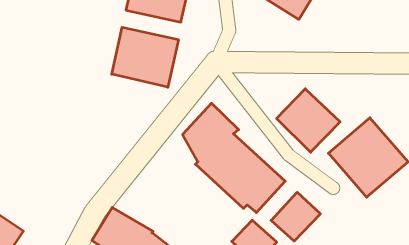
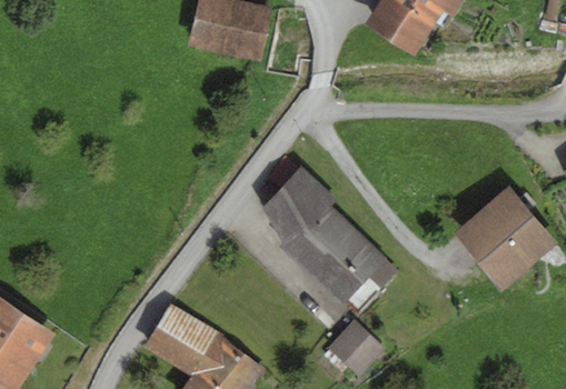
building: [112,27,178,87] -> none
building: [277,89,340,152] -> none
building: [271,192,320,241] -> none

